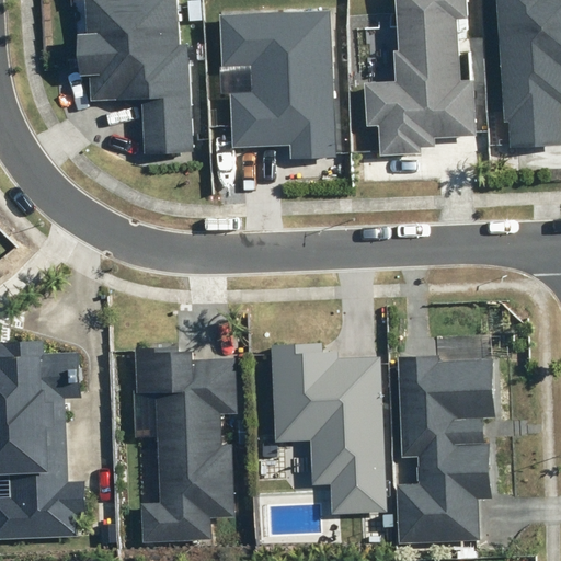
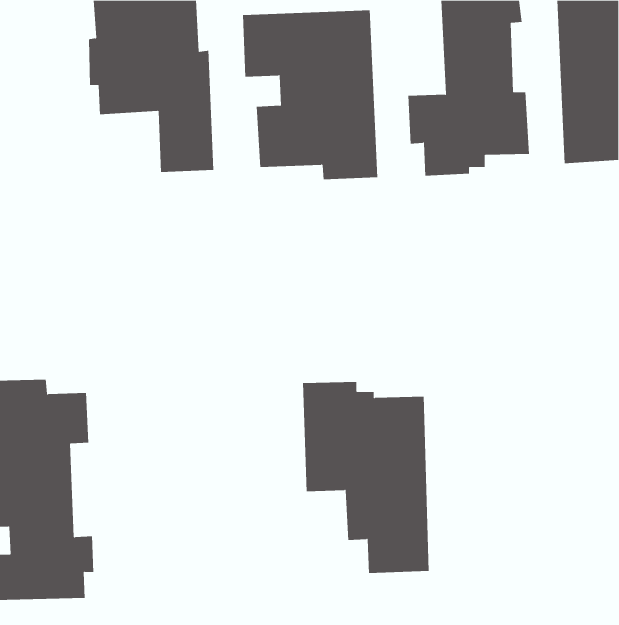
building: [135,346,236,541] -> none
building: [394,354,492,542] -> none

